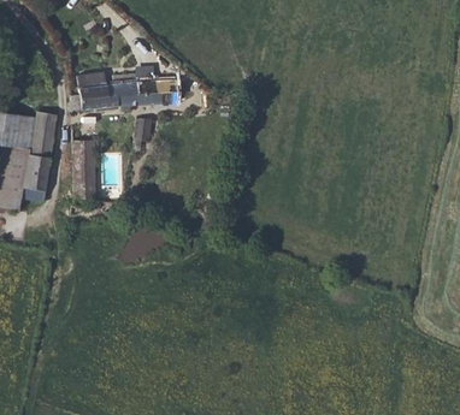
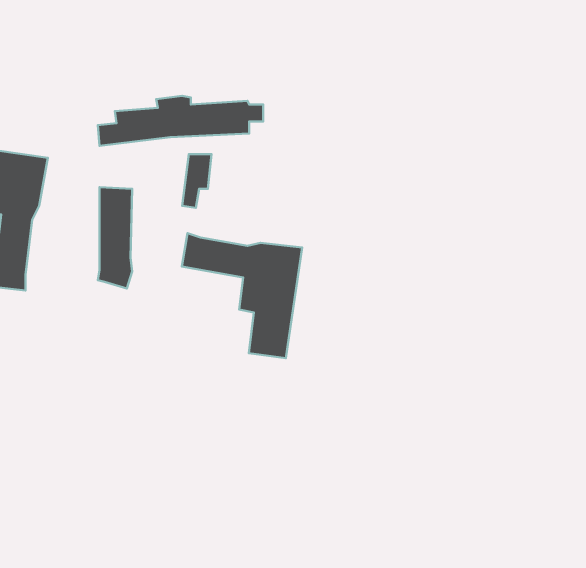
building: [20,111,58,201] -> none
building: none -> [182,233,302,358]

